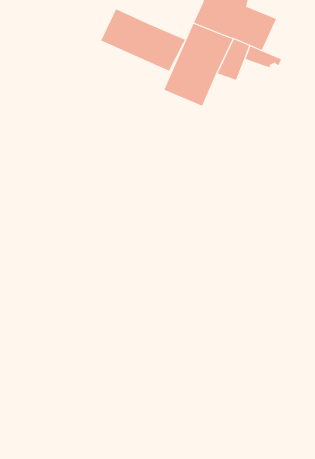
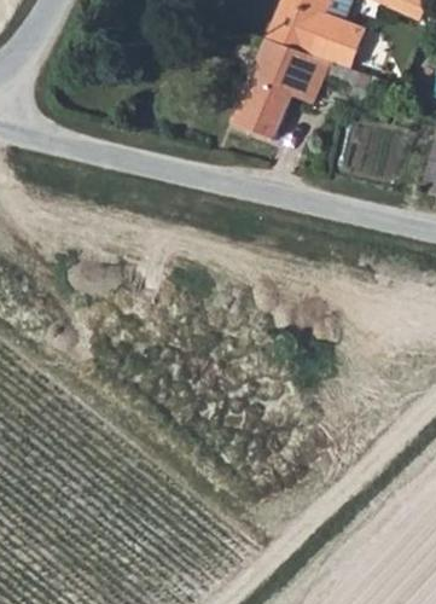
building: [100,9,186,71] -> none

